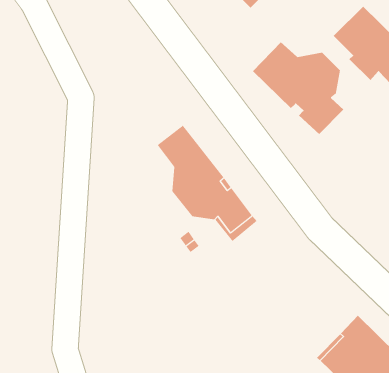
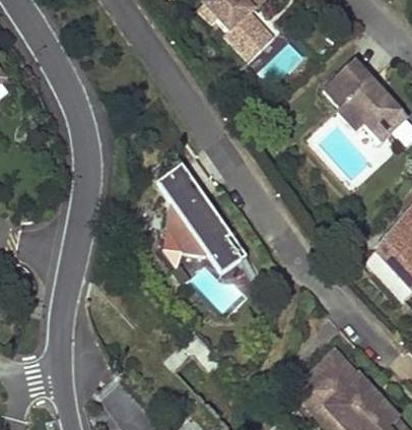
building: [252,41,344,135] -> none

